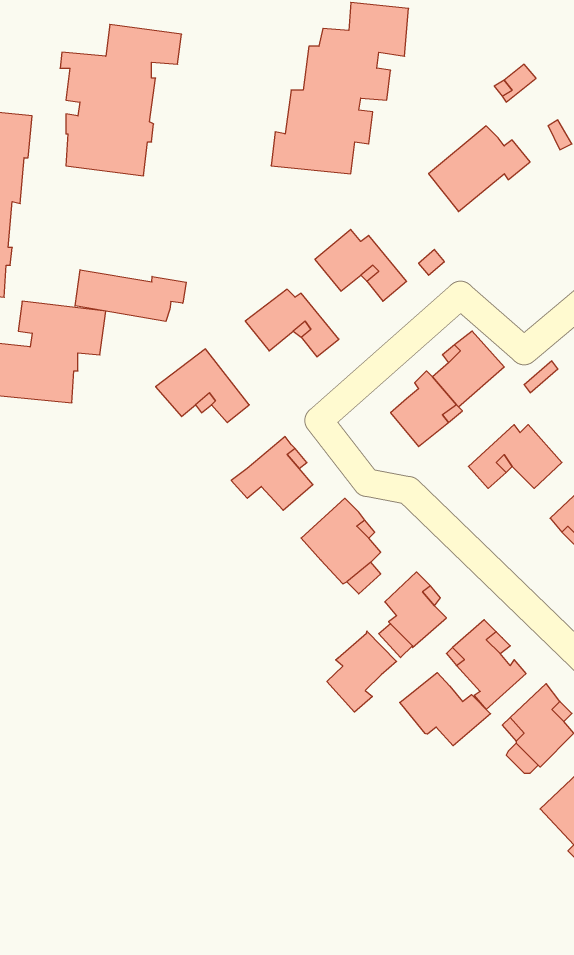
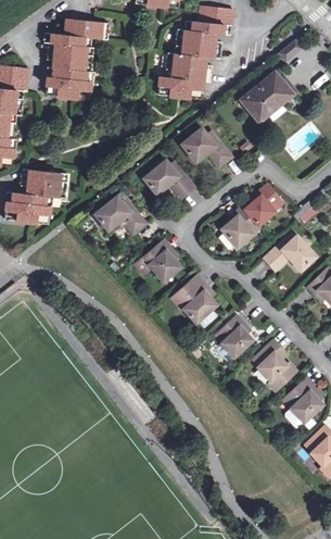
building: [75,270,186,321] -> none
building: [327,631,397,712] -> none
building: [400,673,491,746] -> none

